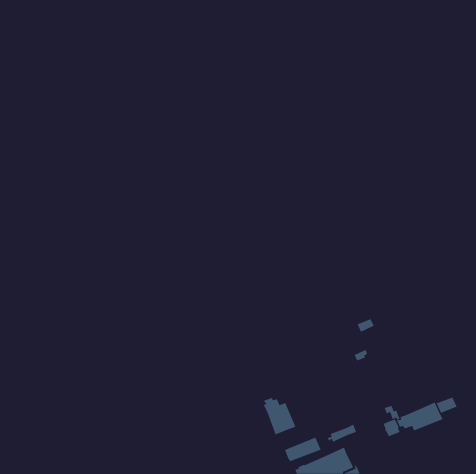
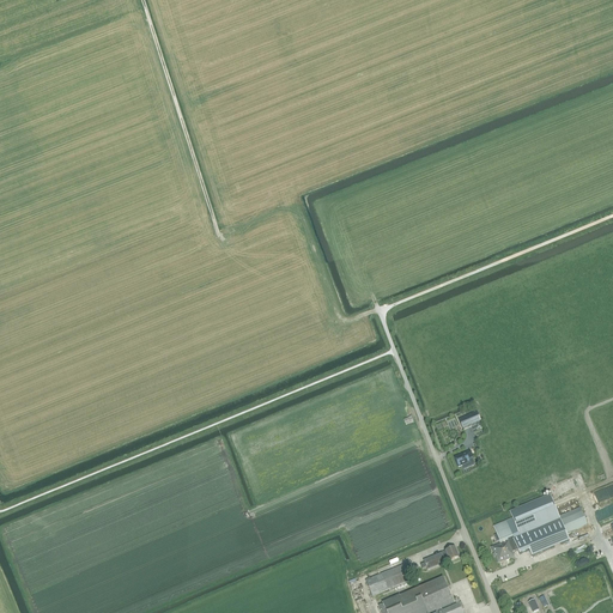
building: none -> [510,493,560,534]
building: [263,397,296,436] -> none

